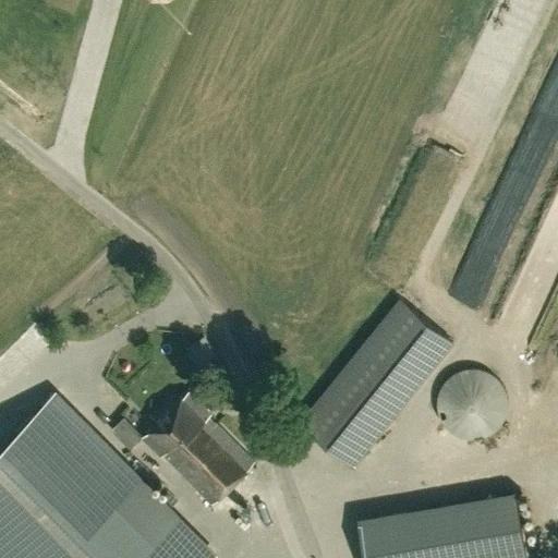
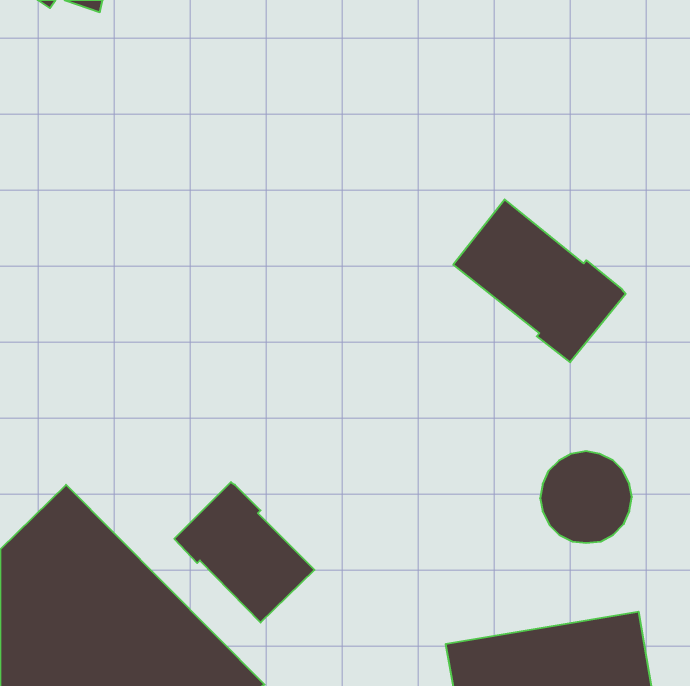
building: none -> [453,199,626,362]
building: [301,300,452,464] -> none

